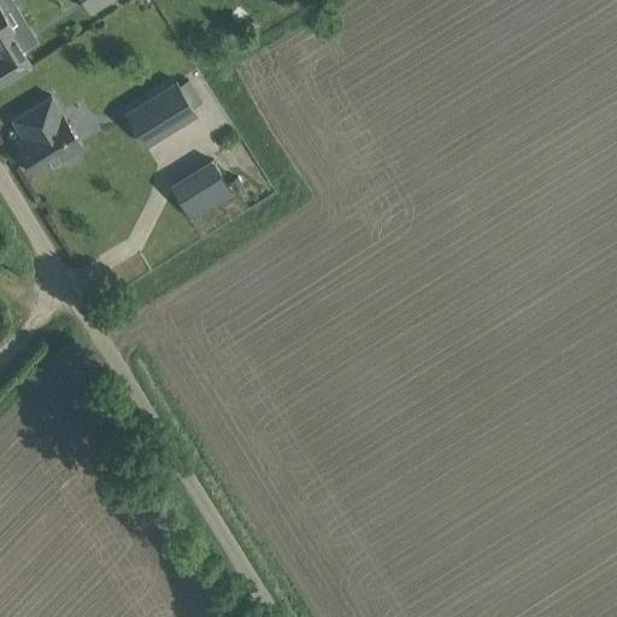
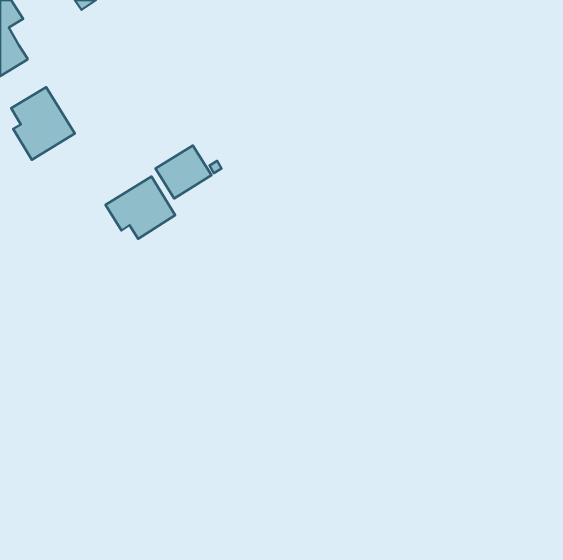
building: [137,84,196,141] -> none
building: none -> [106,177,175,239]

